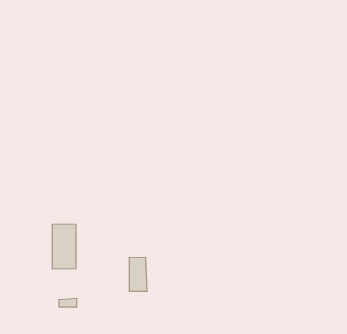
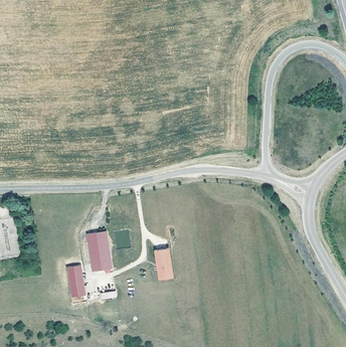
building: none -> [66,265,84,298]

